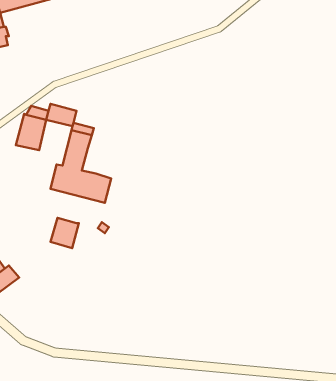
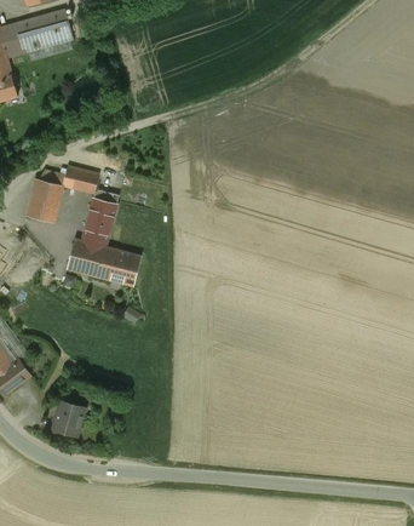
building: [51,218,79,248] -> none
building: none -> [52,399,84,436]

